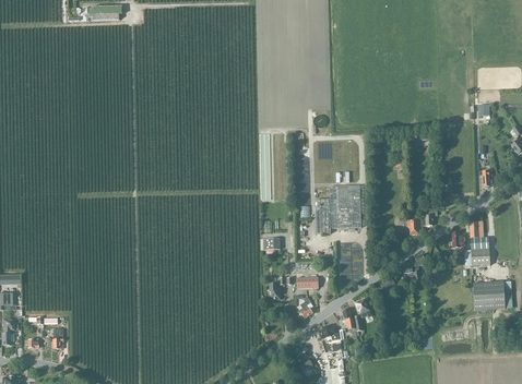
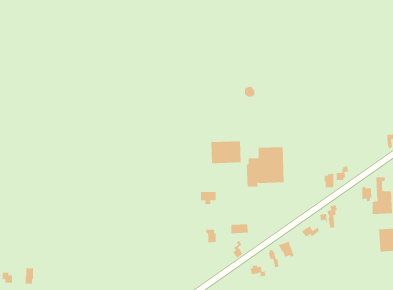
building: none -> [211,141,241,164]

